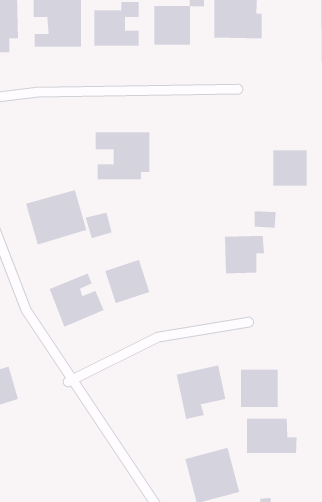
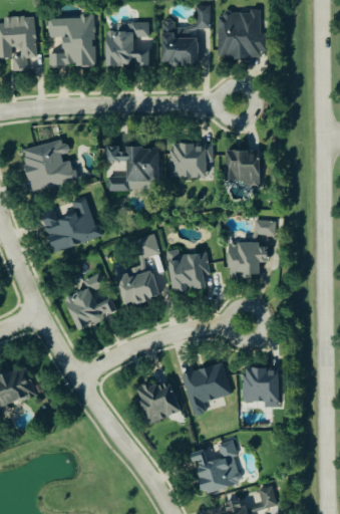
building: none -> [22,139,75,190]
building: none -> [171,143,212,178]
building: [272,150,308,186] -> [226,150,259,184]
building: [85,212,113,239] -> [133,234,159,259]
building: none -> [167,249,210,291]
building: none -> [134,377,180,424]
building: [246,418,297,454] -> none

